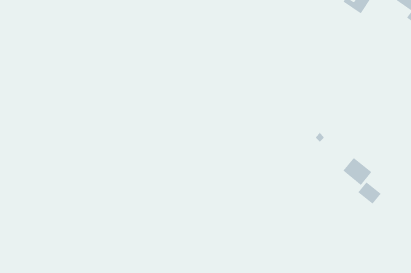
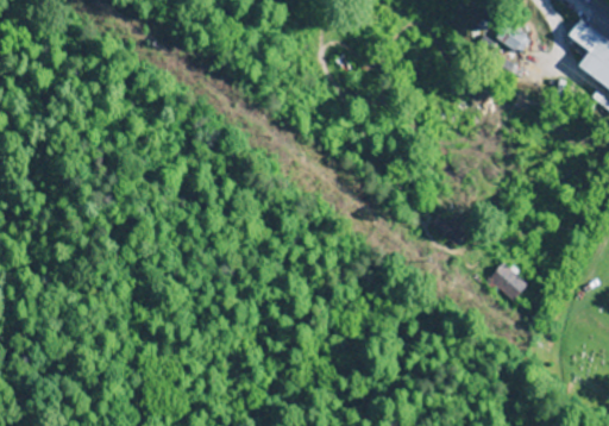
building: [358,181,381,205] -> none

